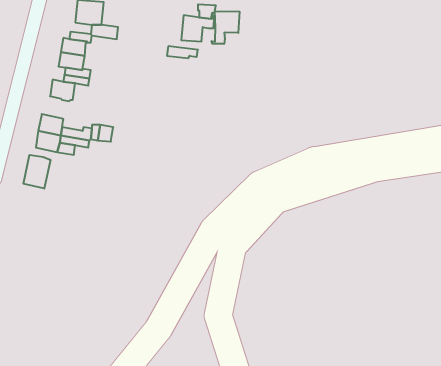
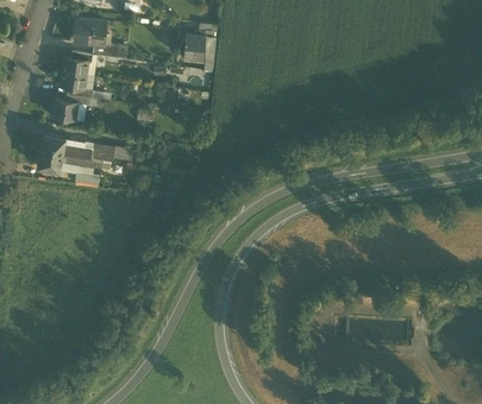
building: [212,11,240,44] -> none
building: [23,155,50,189] -> none

